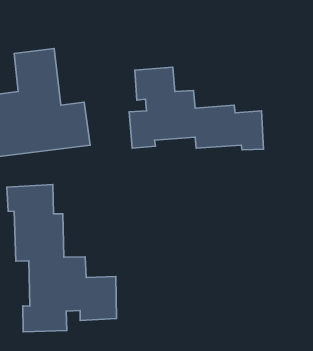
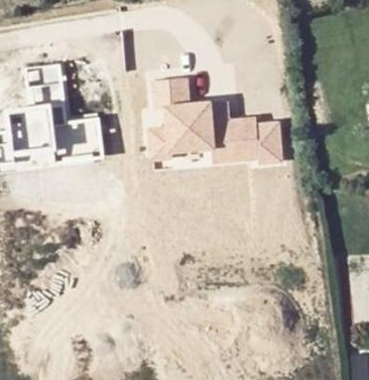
building: [7,185,117,332] -> none

